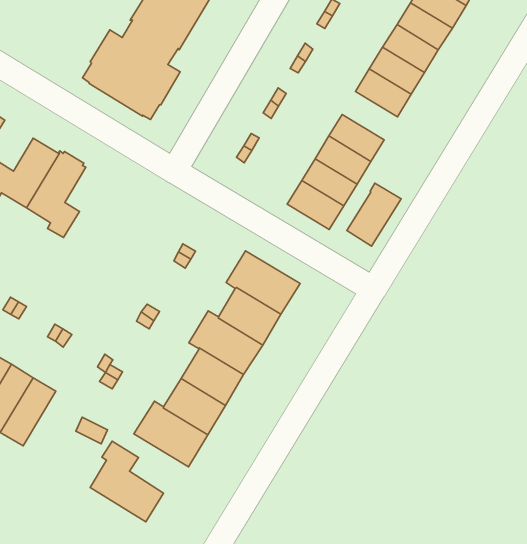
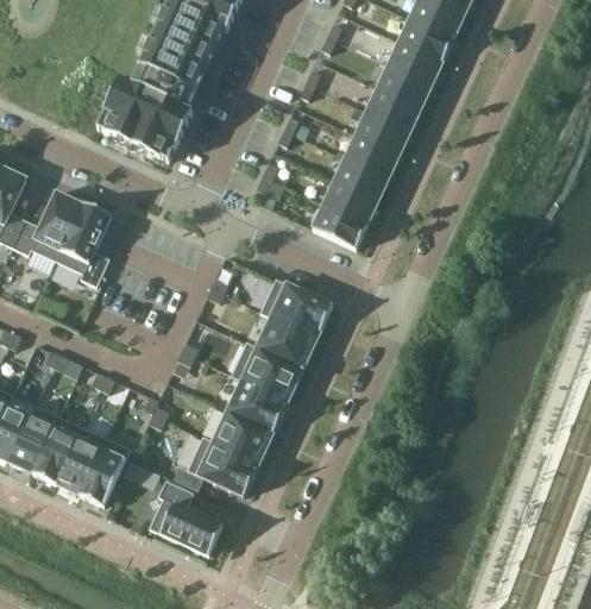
building: none -> [356,111,410,155]
building: [347,183,401,246] -> none
building: none -> [80,437,130,506]

